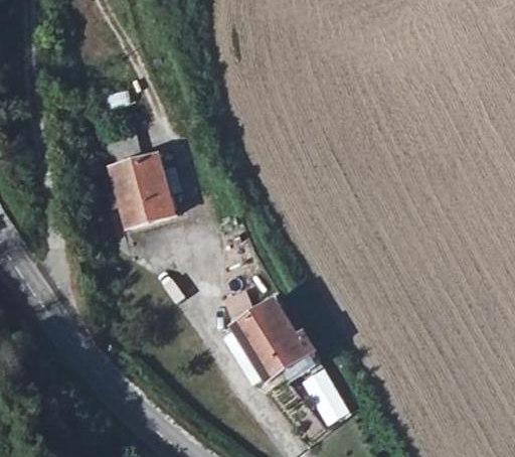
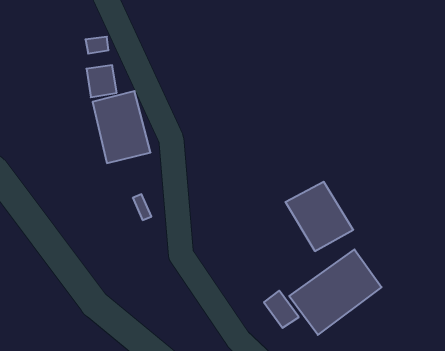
building: [230,300,307,378] -> [285,182,353,251]
building: none -> [289,249,382,335]

